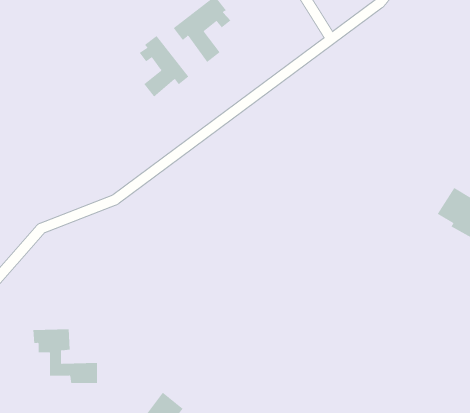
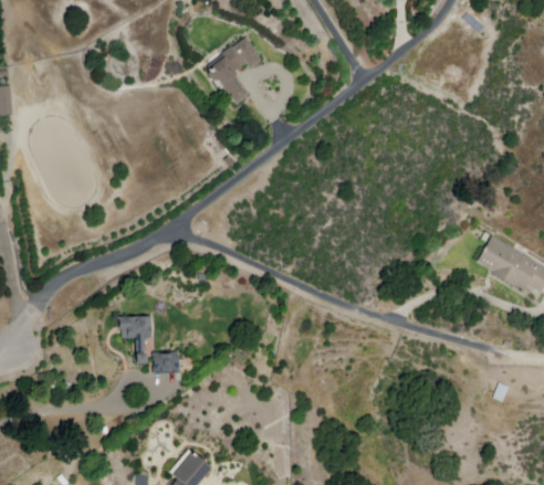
building: [139,35,189,97] -> none
building: [32,329,98,384] -> [115,315,184,372]

